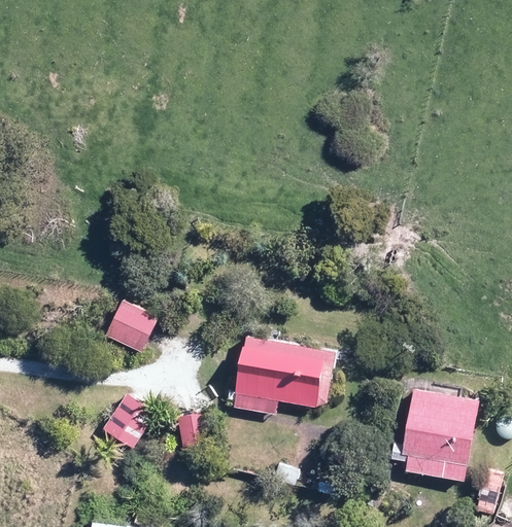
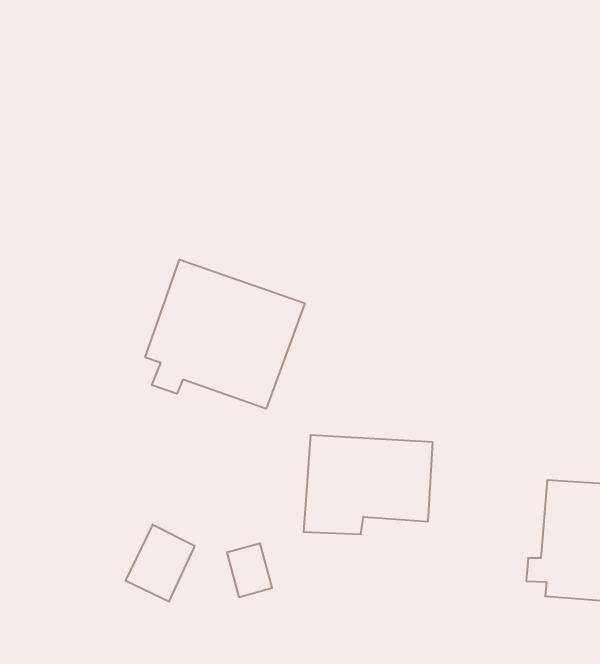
building: none -> [145,260,305,409]
building: [104,297,158,352] -> none

